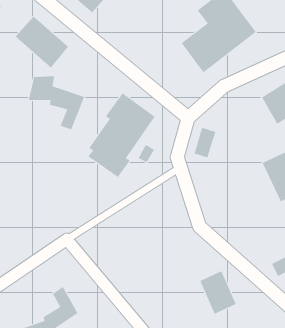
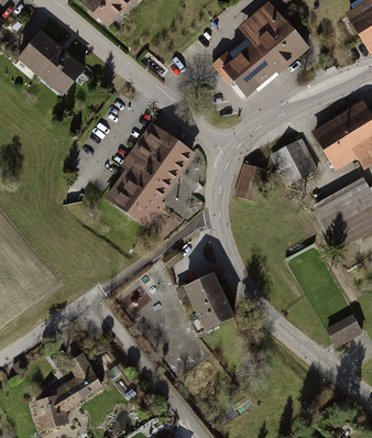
building: [28,75,85,130] -> none
building: none -> [270,140,314,184]
building: [199,270,237,314] -> [186,272,230,324]

